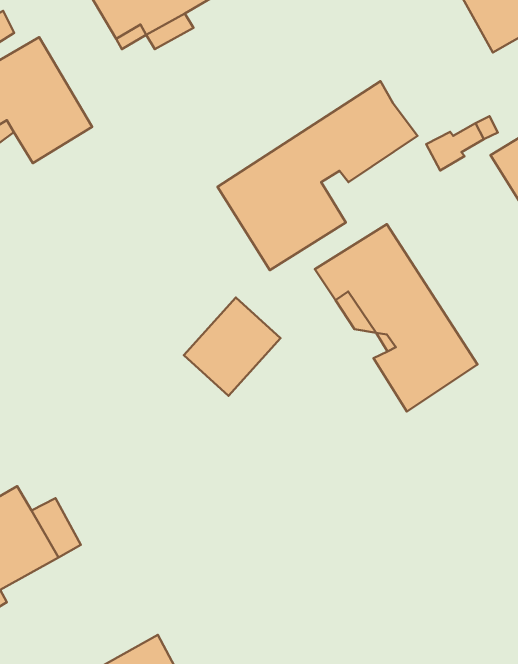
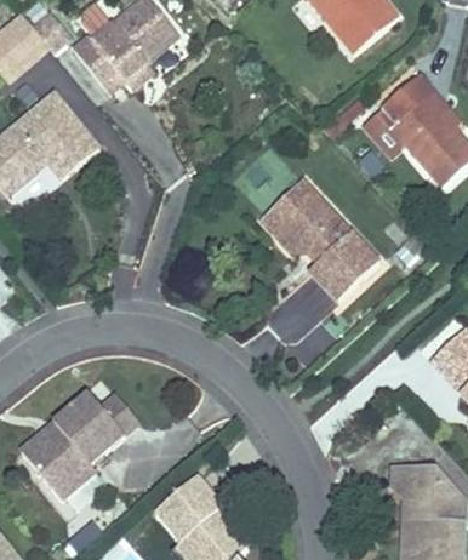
building: [217,81,418,270] -> none
building: [184,298,281,396] -> [261,275,323,341]

